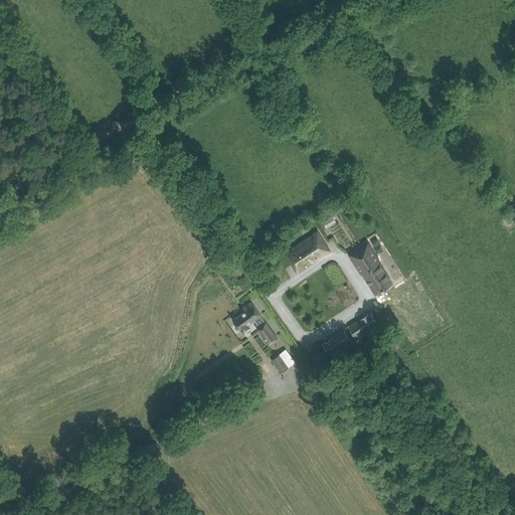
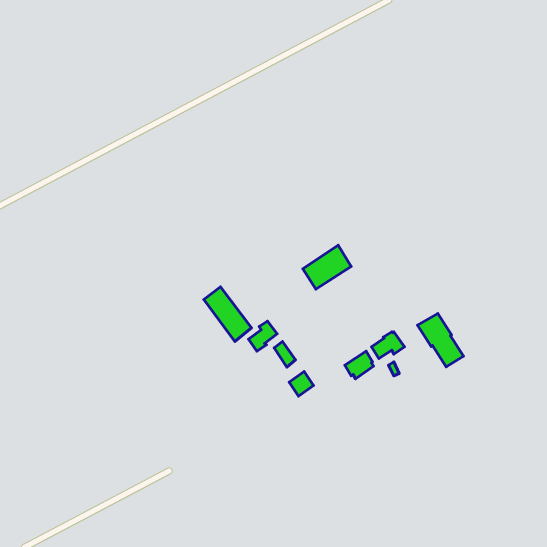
building: [349,242,392,293] -> [417,313,463,367]
building: none -> [204,287,252,342]

